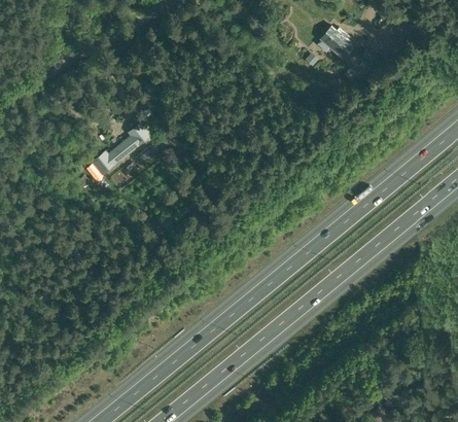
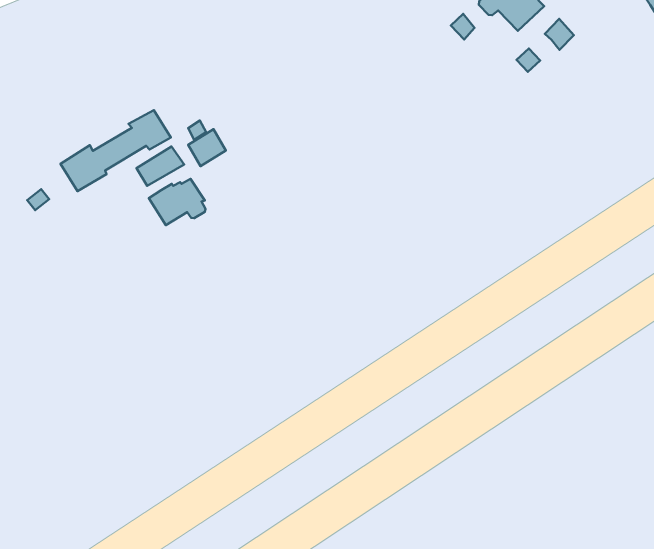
building: none -> [149,179,205,225]

